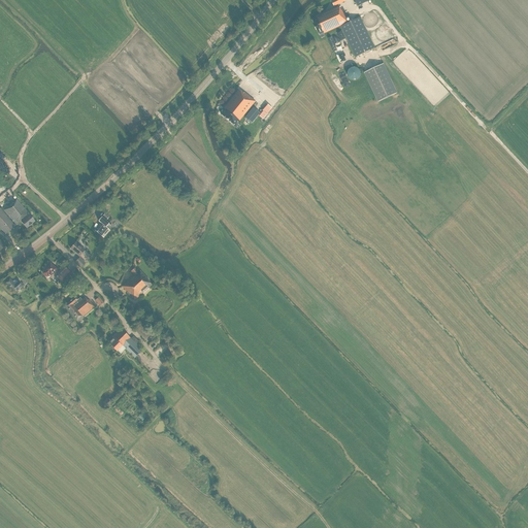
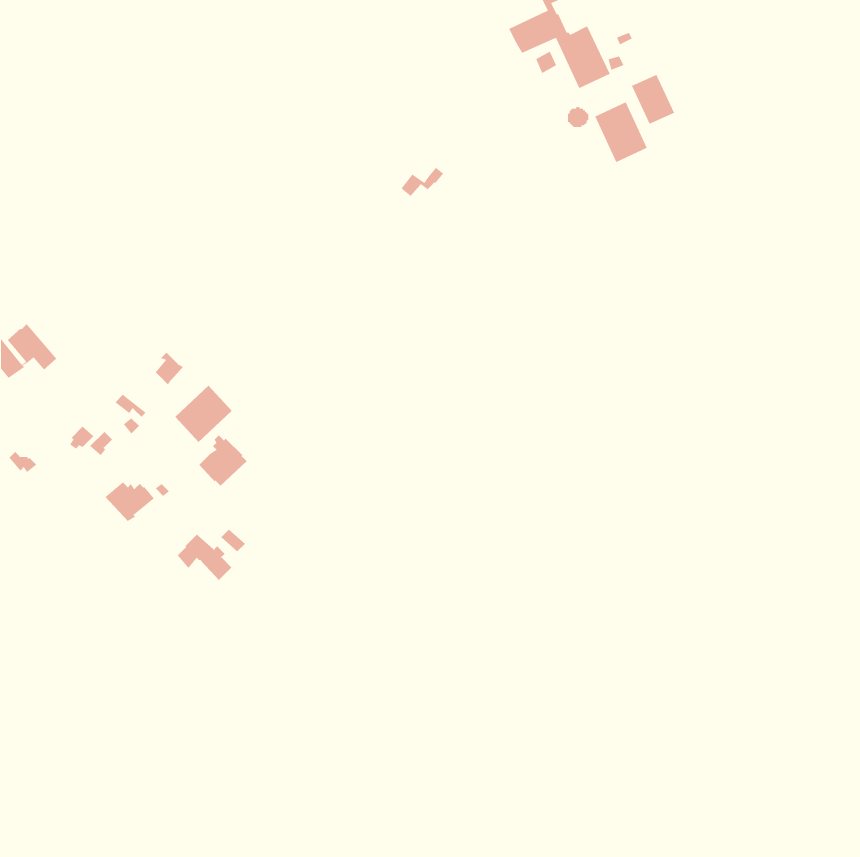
building: none -> [631,74,675,125]
building: [221,88,255,123] -> none
building: none -> [174,385,233,443]

